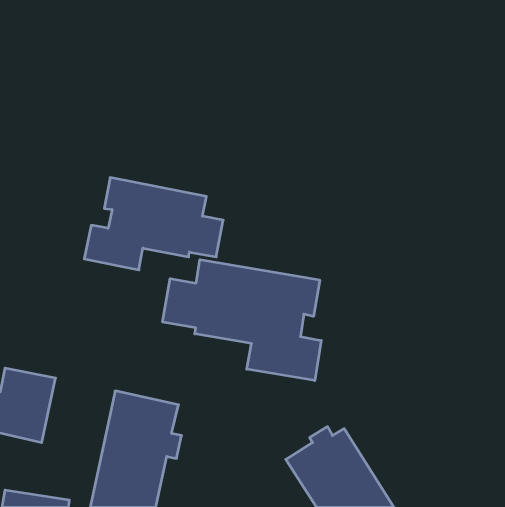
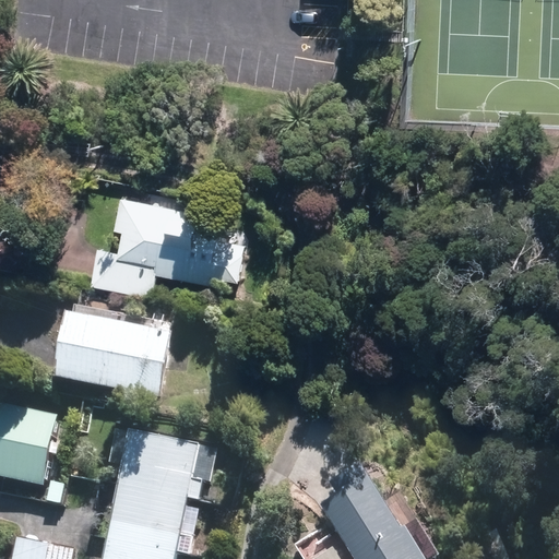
building: [163,260,321,381] -> none
building: none -> [51,317,173,403]

